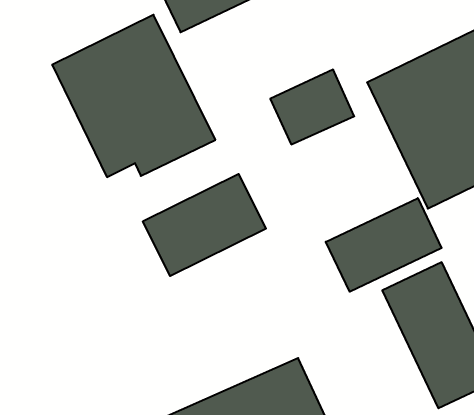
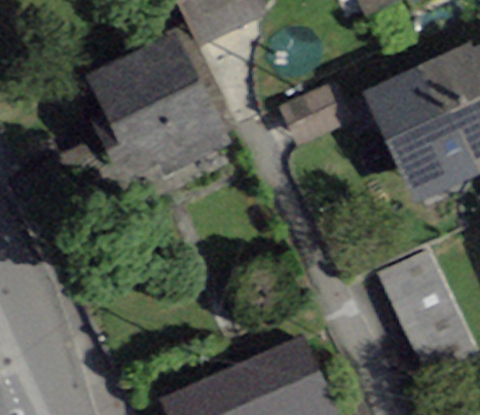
building: [143,174,266,276] -> none
building: [326,198,442,292] -> none

